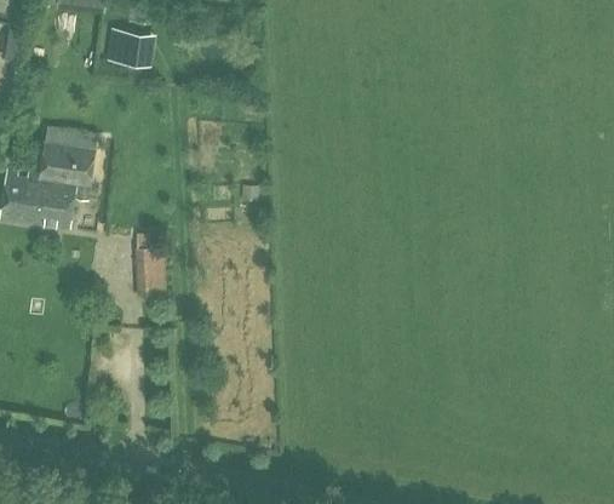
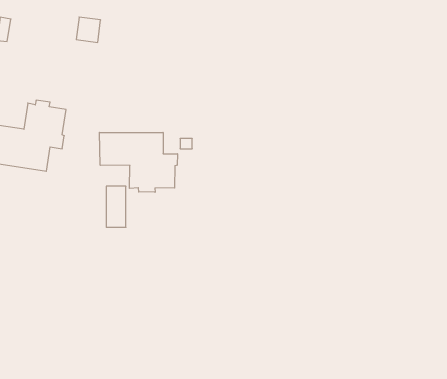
building: none -> [99,132,177,192]

